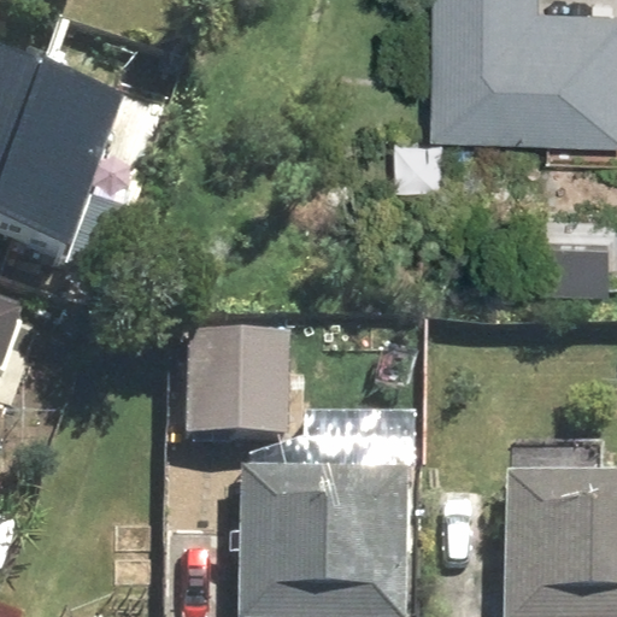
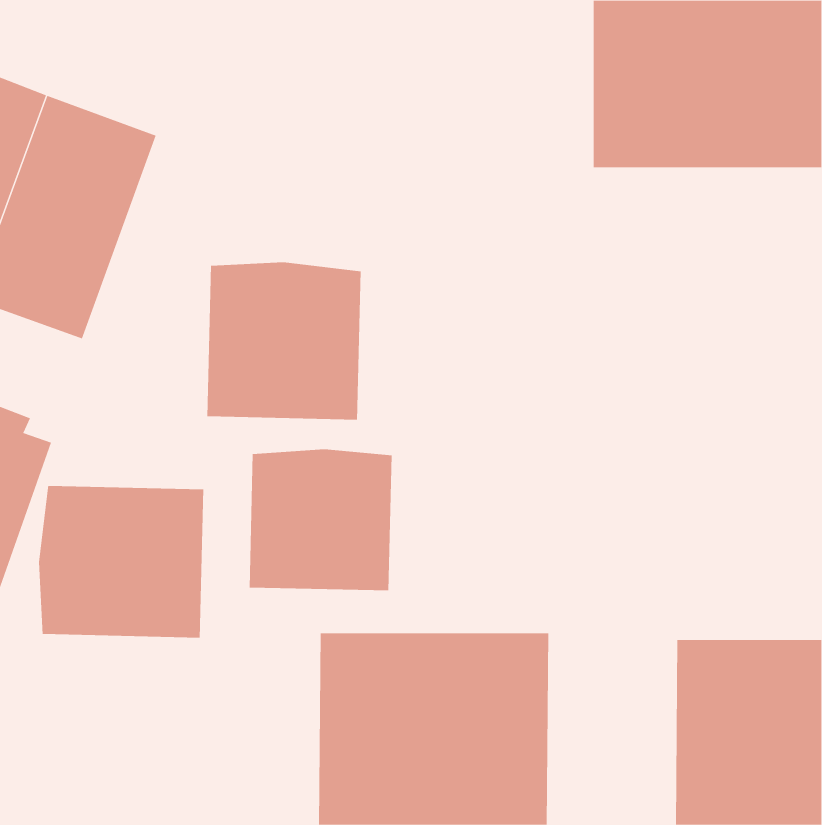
building: none -> [207,262,361,421]
building: none -> [38,485,204,638]

